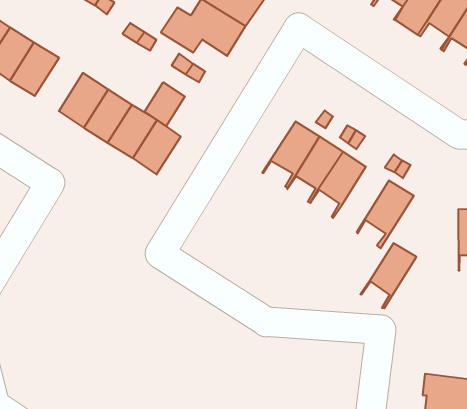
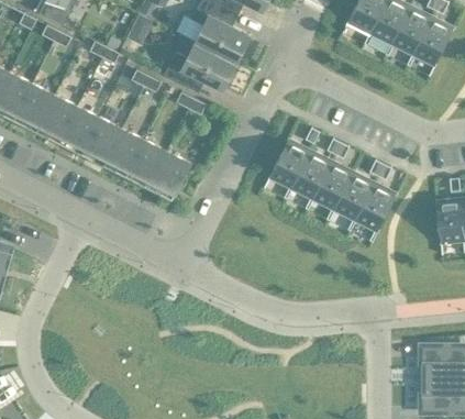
building: none -> [59,107,99,153]
building: [144,82,185,126] -> none
building: [360,243,416,308] -> [328,174,373,231]

